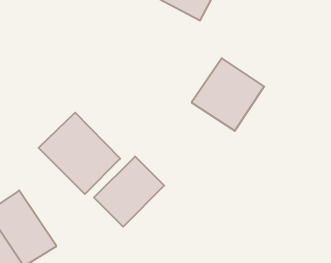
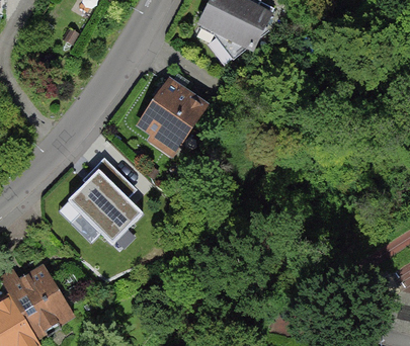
building: [192,58,264,131] -> [131,70,214,153]
building: [94,156,164,227] -> none

